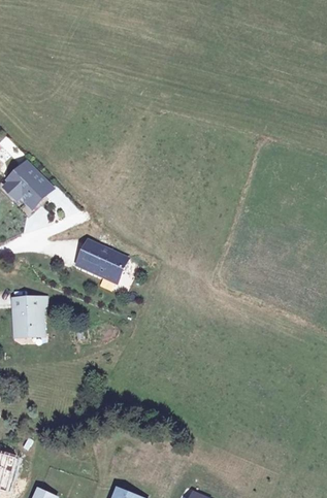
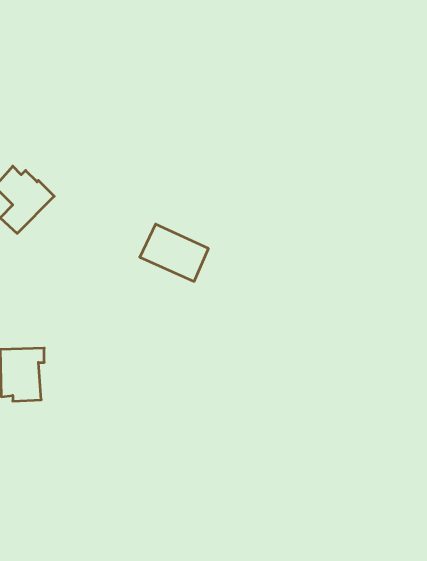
building: [77,240,127,281] -> [140,224,208,281]

